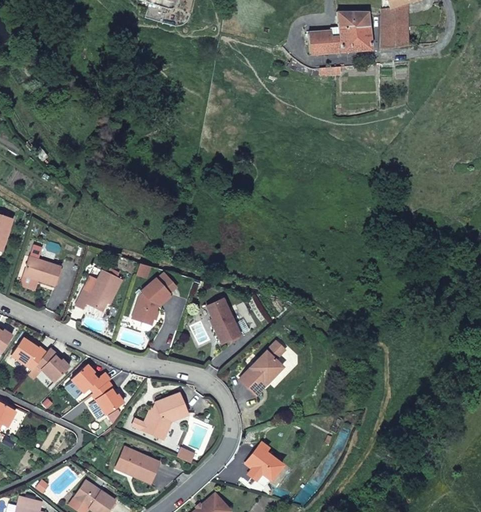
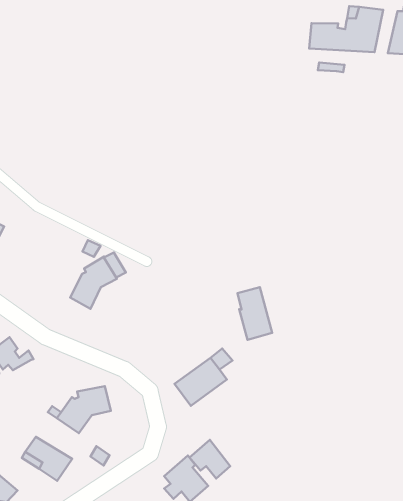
building: [76,270,124,311] -> none
building: [206,296,243,345] -> [238,287,272,340]
building: [91,380,124,414] -> none
building: none -> [189,440,230,479]

